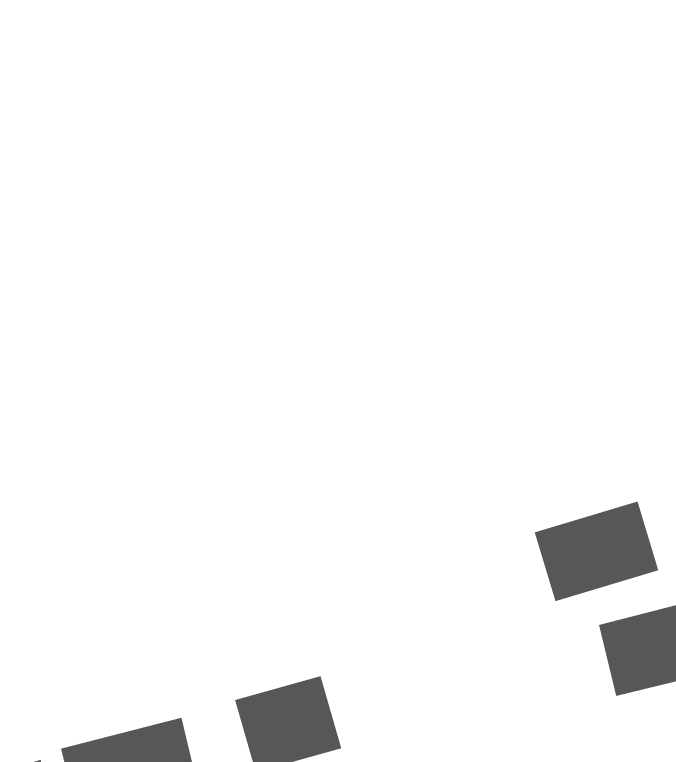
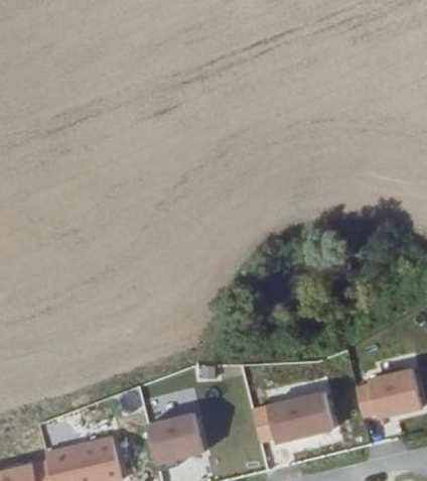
building: [534,501,659,602] -> [263,388,335,447]

